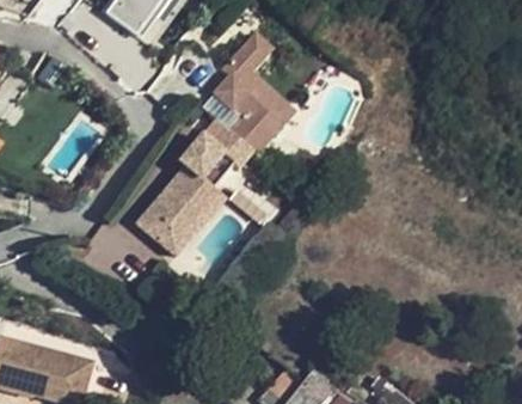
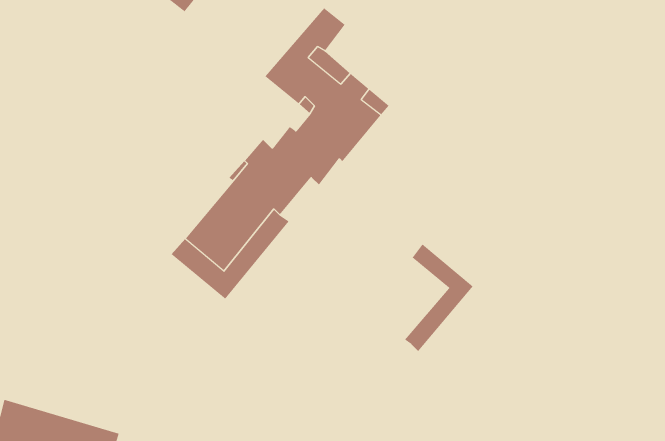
building: none -> [404,244,474,352]

